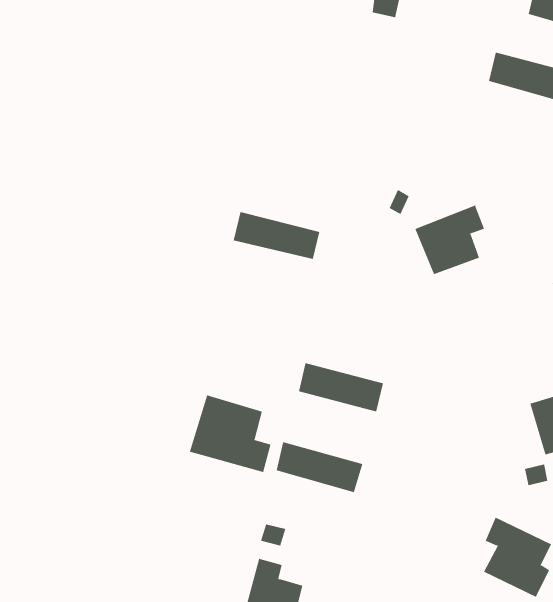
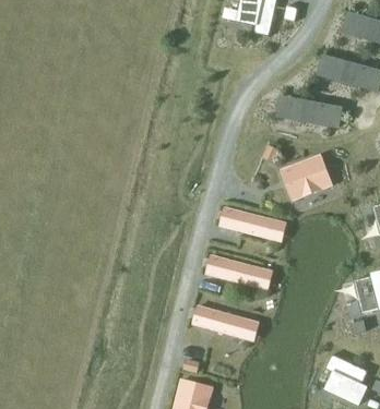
building: none -> [286,98,342,127]
building: [233,211,320,259] -> [219,207,275,238]
building: [189,395,271,473] -> none

